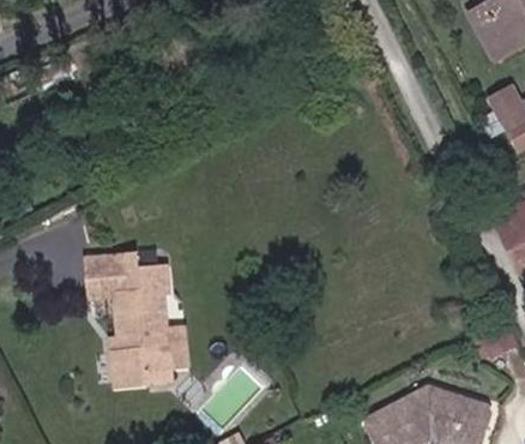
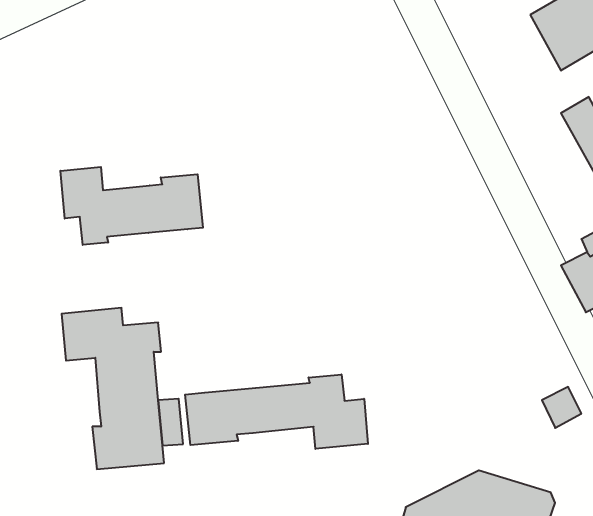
building: none -> [60,167,203,245]
building: none -> [185,374,368,449]

